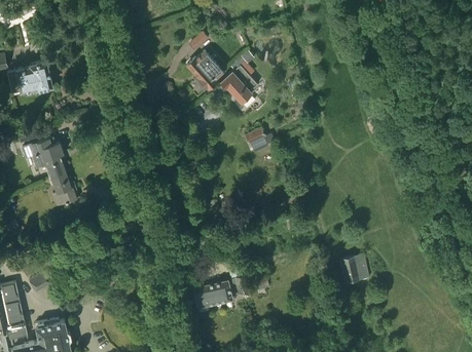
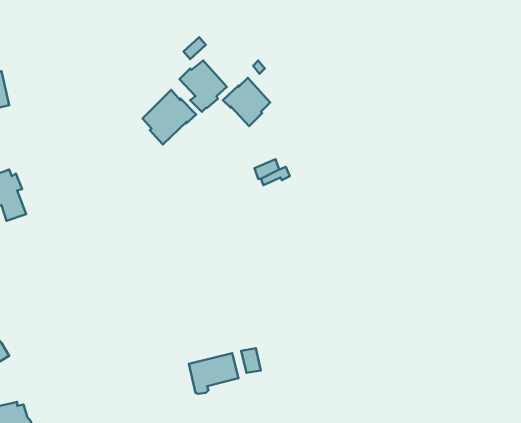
building: none -> [143,90,196,144]
building: [50,171,79,206] -> none
building: [338,253,369,282] -> none

